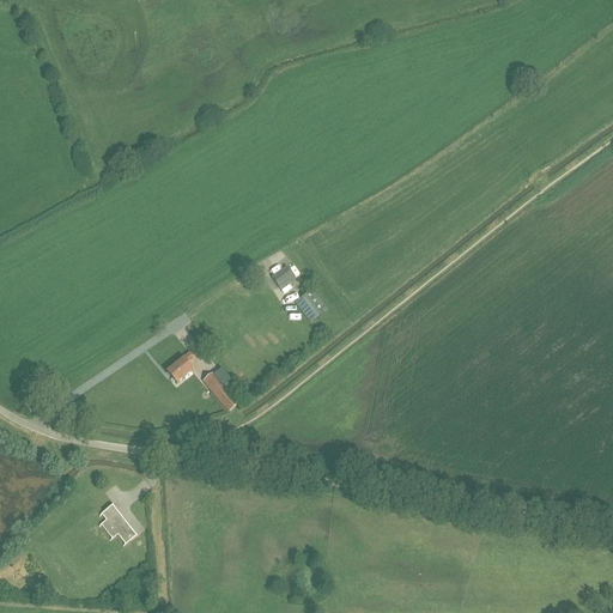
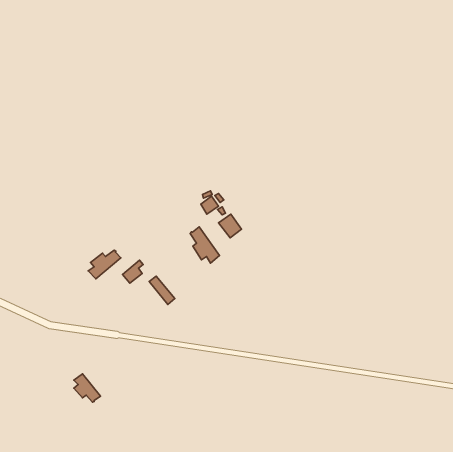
building: none -> [190,227,219,263]
building: none -> [88,250,121,279]

